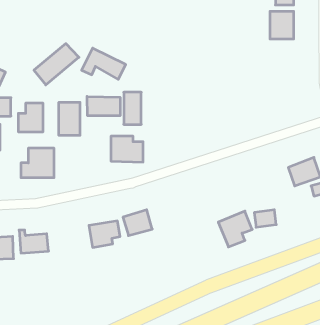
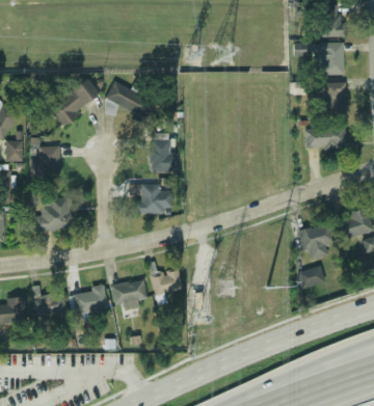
building: none -> [324,82,346,110]
building: none -> [305,129,345,148]
building: [87,96,120,116] -> none
building: [59,102,80,135] -> none
building: [218,211,252,247] -> [297,220,336,261]
building: none -> [73,287,107,314]

